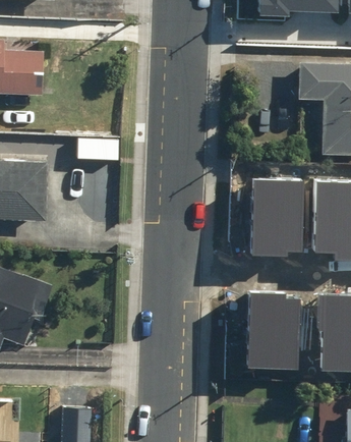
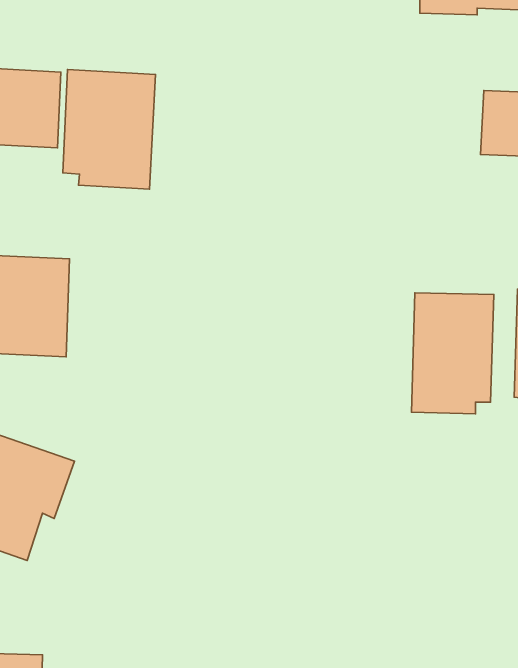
building: none -> [63,70,155,189]
building: [253,293,300,365] -> none

